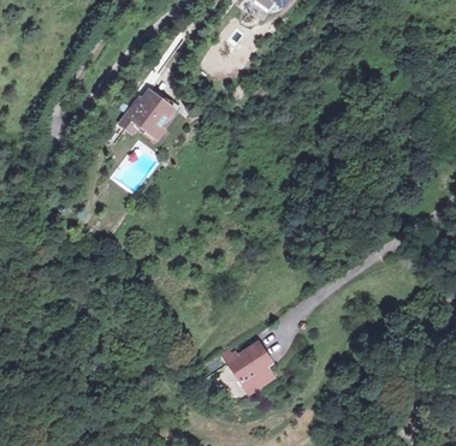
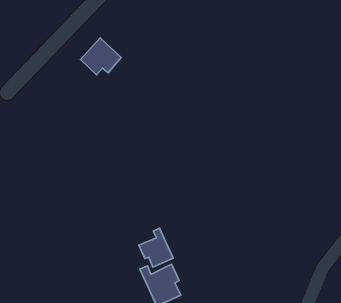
building: none -> [139,228,173,267]

